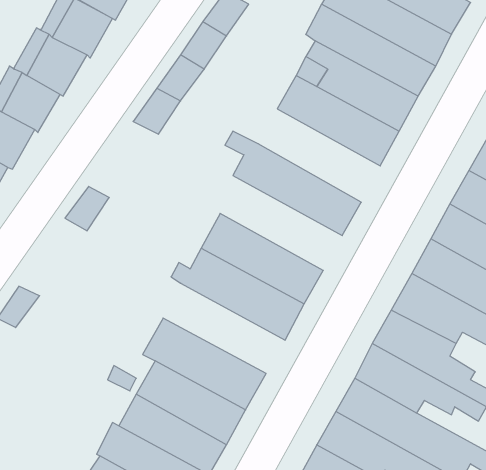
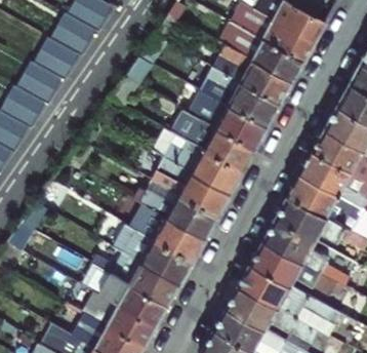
building: none -> [189,89,268,150]
building: none -> [152,128,243,194]
building: none -> [127,202,206,261]

